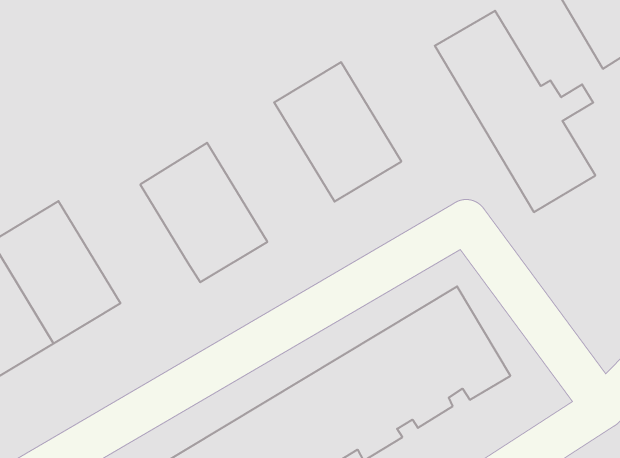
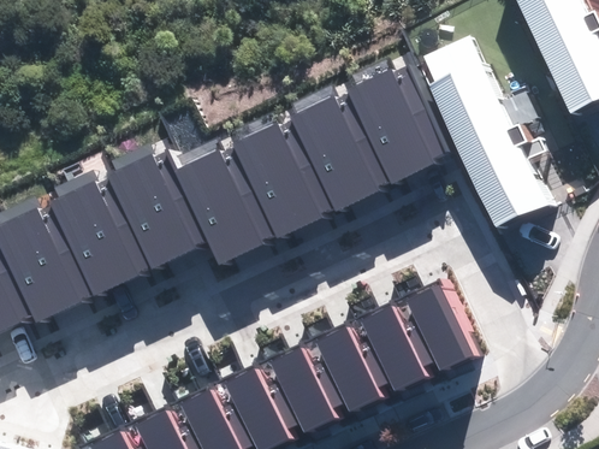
building: none -> [361,64,458,176]
building: none -> [245,117,343,229]
building: none -> [120,150,219,265]

